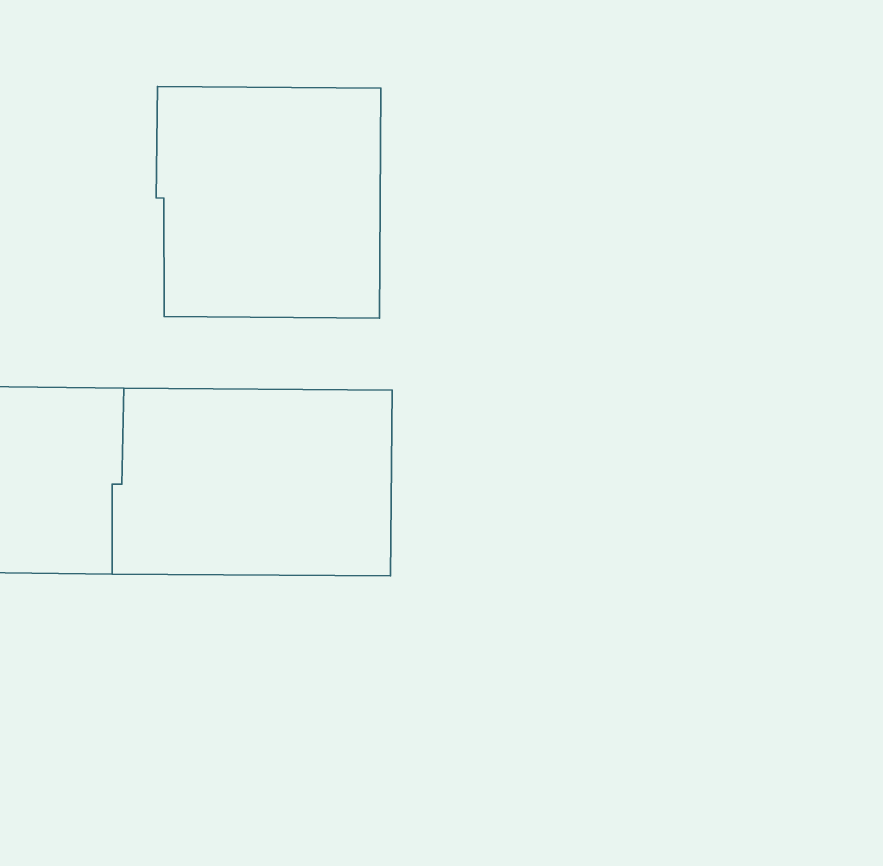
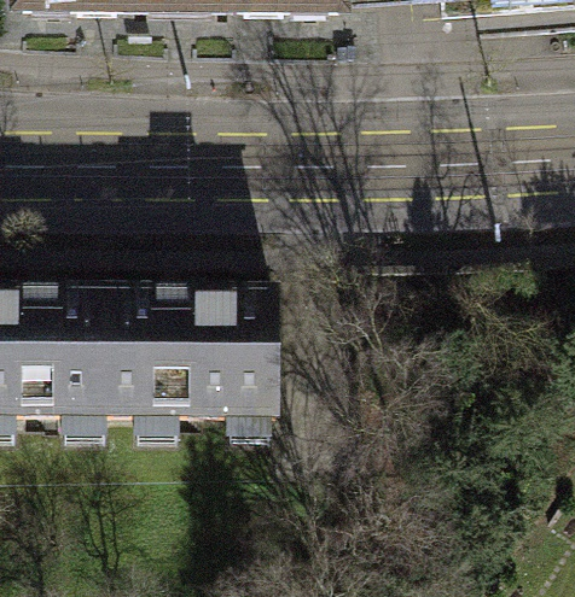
building: [156,87,381,318] -> none

